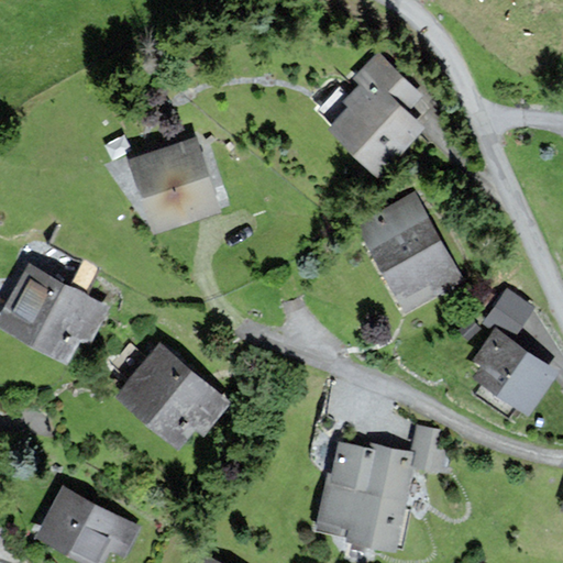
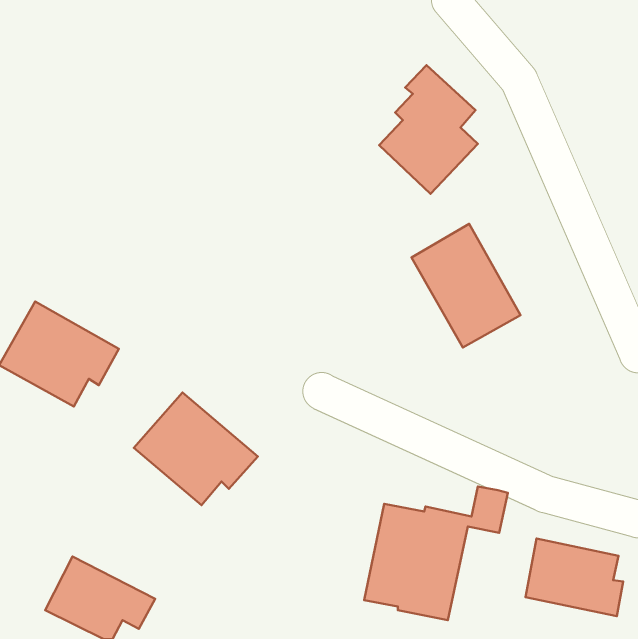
building: [131,140,216,229] -> none
building: [477,292,553,409] -> none
building: none -> [526,539,623,616]

